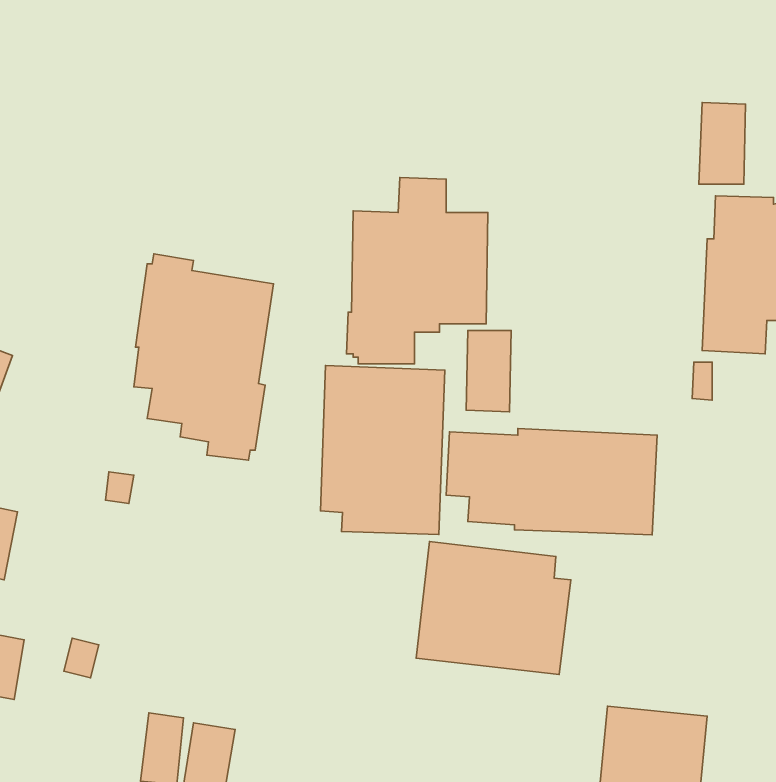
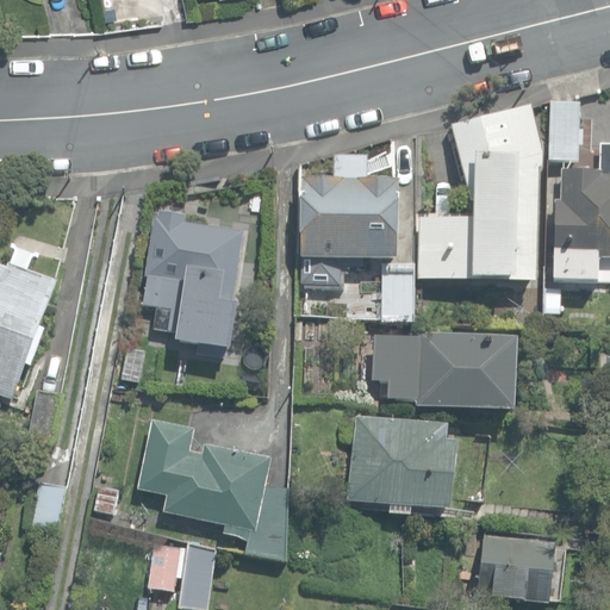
building: none -> [417,104,542,281]
building: [320,366,445,534] -> none
building: none -> [137,418,288,559]

